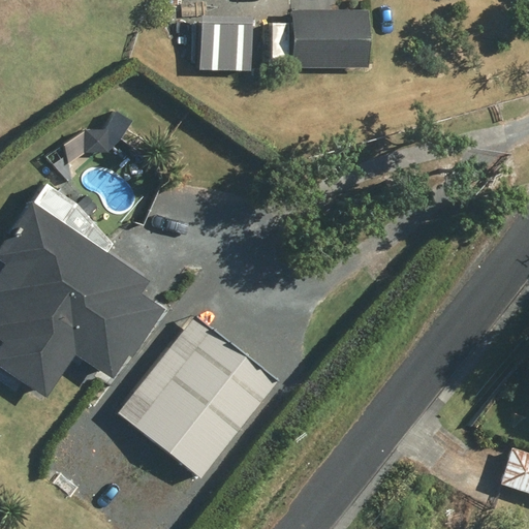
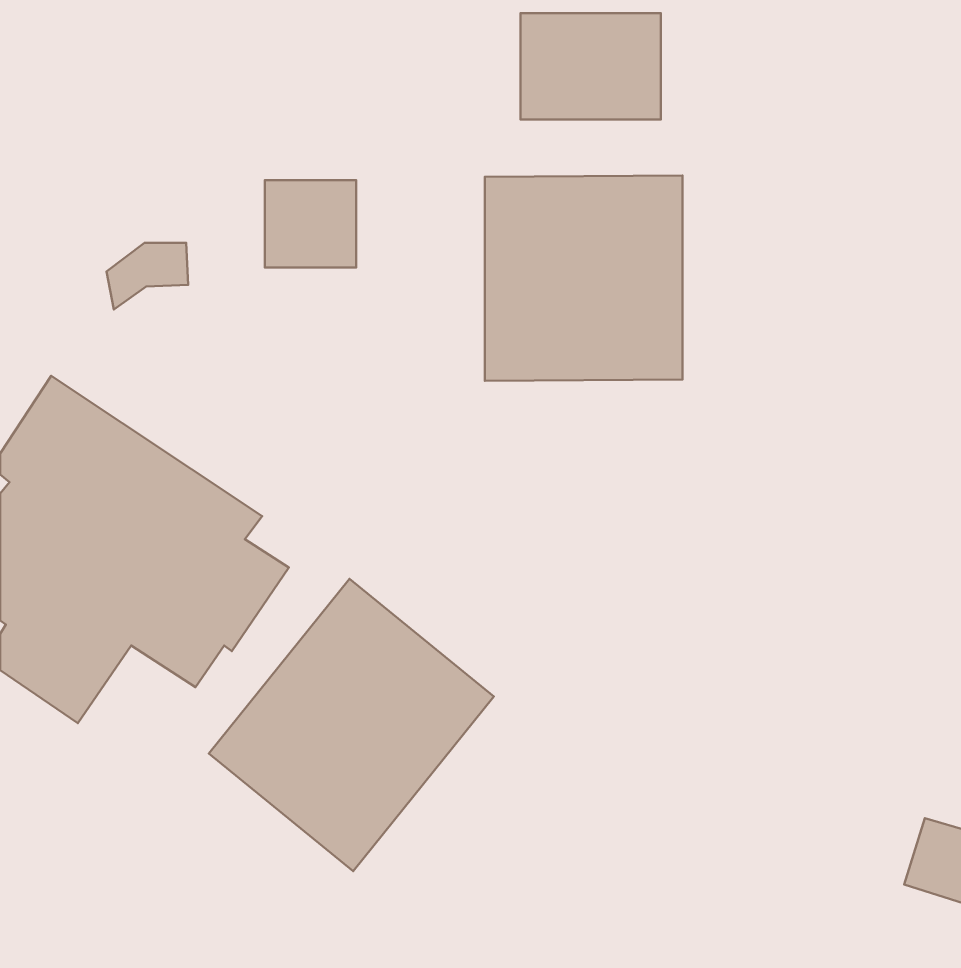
building: [198,28,248,75] -> [265,180,356,267]
building: none -> [485,176,682,381]

